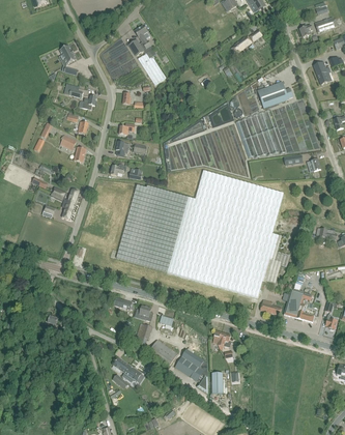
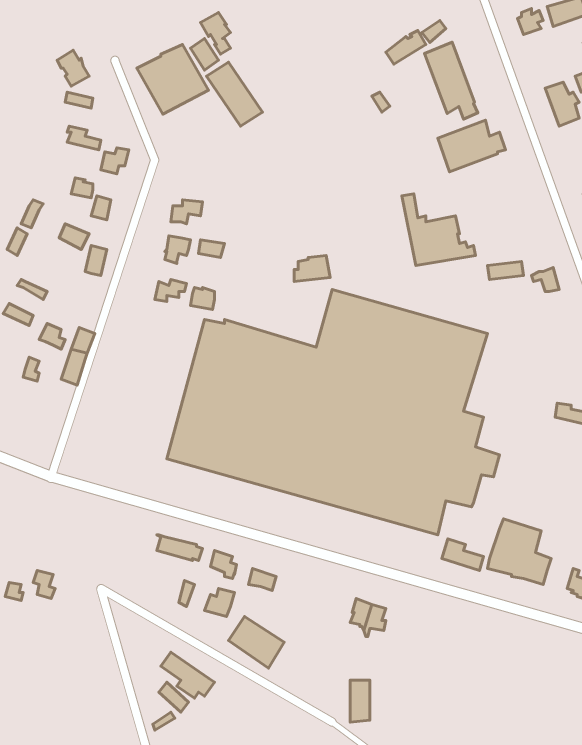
building: none -> [425,42,478,119]
building: [174,348,207,393] -> none

